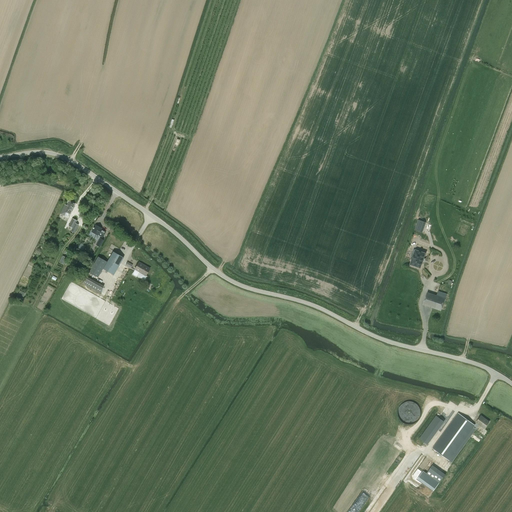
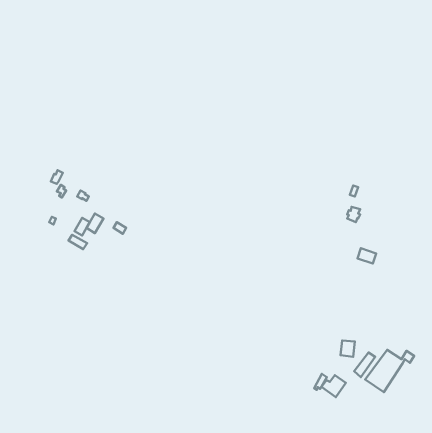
building: [416,465,445,491] -> [321,375,346,397]

